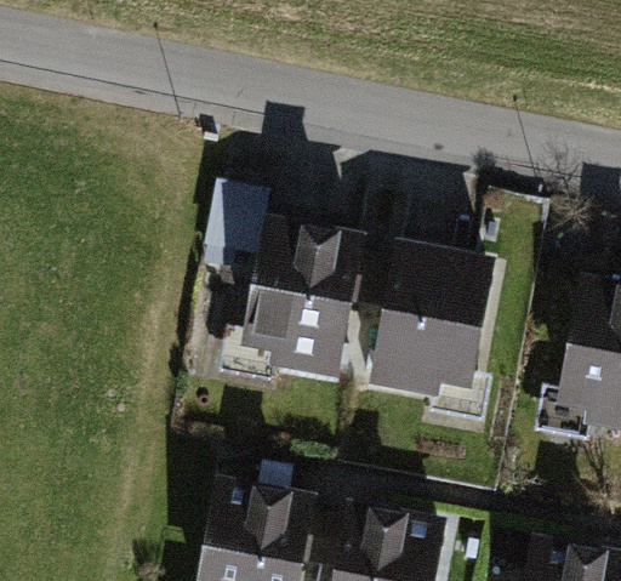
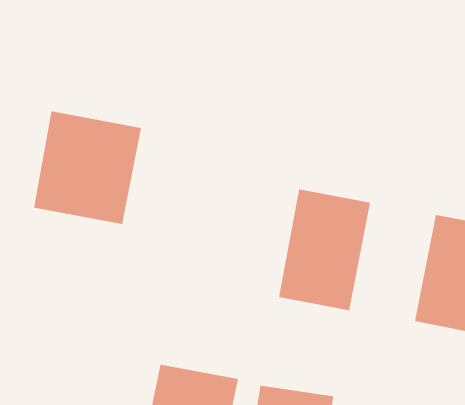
building: none -> [34,110,141,225]
building: [237,224,363,385] -> none

